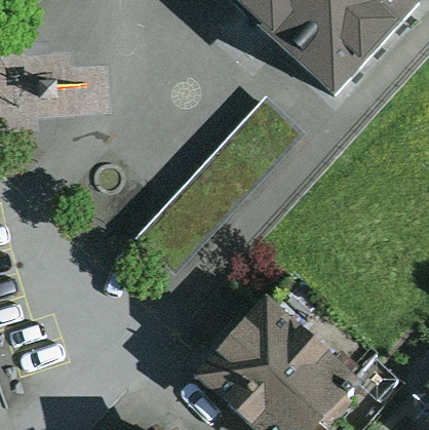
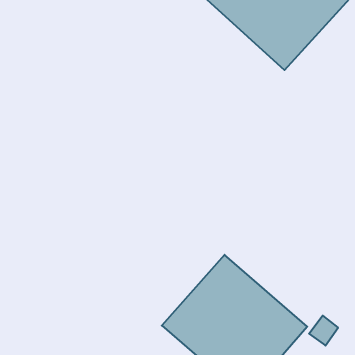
building: [127,101,303,284] -> none

